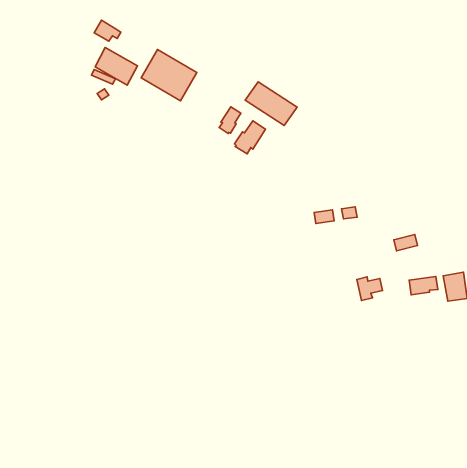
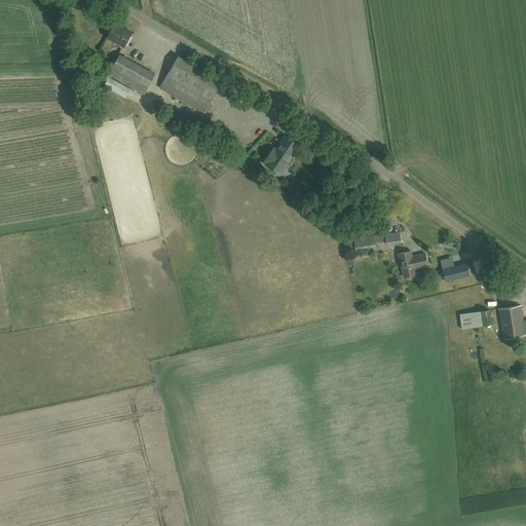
building: [245,82,297,125] -> none
building: [219,107,241,134] -> none
building: [357,277,383,300] -> [398,251,426,277]

